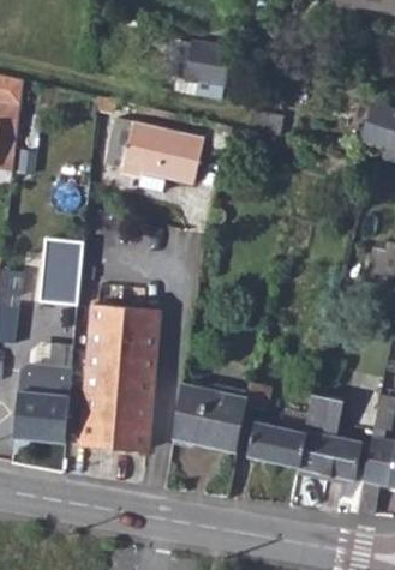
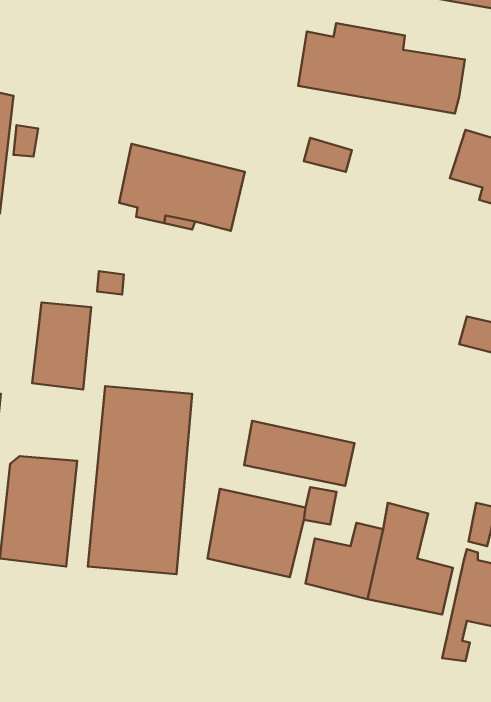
building: none -> [298,23,465,113]
building: [175,40,229,84] -> none
building: none -> [244,421,355,486]

